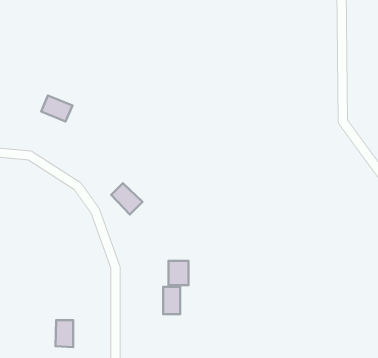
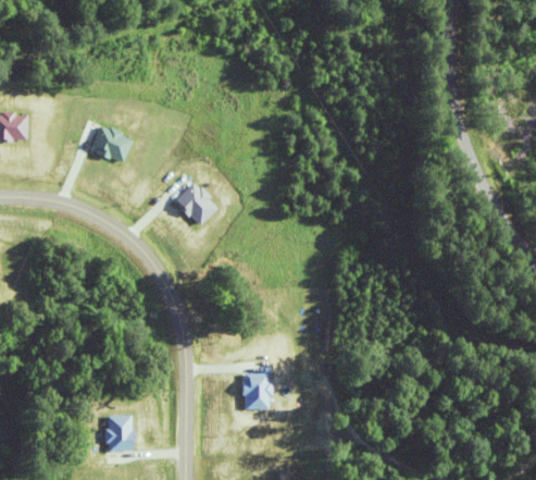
building: [111,183,142,214] -> [177,184,217,224]
building: [168,261,188,285] -> none

